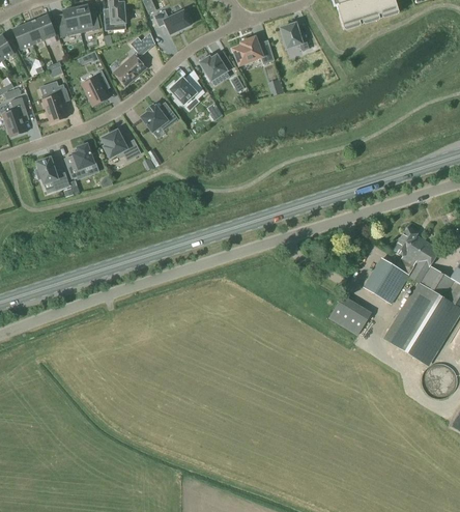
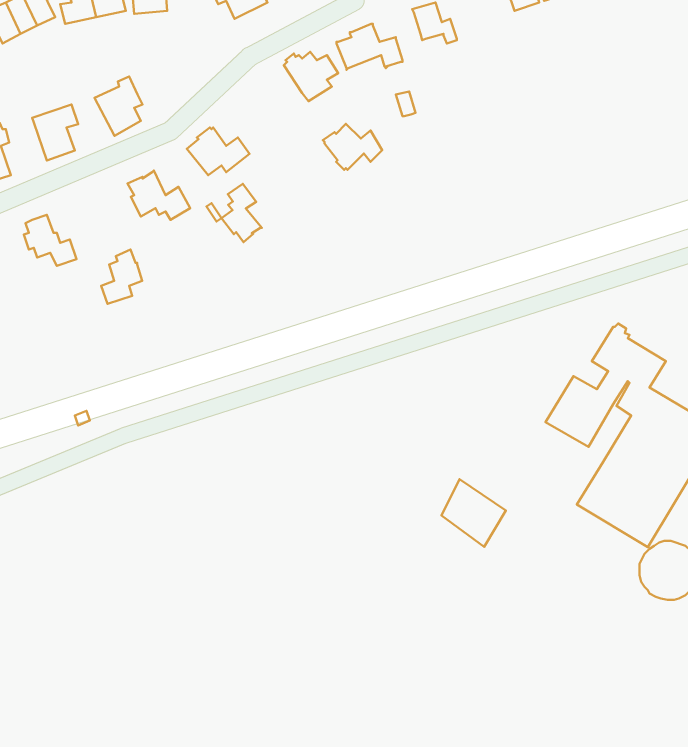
building: [113,36,148,85] -> none
building: [167,75,204,104] -> [323,124,382,170]
building: none -> [221,184,262,242]
building: [67,143,93,177] -> [101,250,142,304]
building: [330,292,371,335] -> [441,479,506,547]

